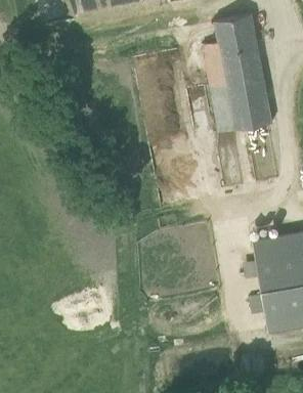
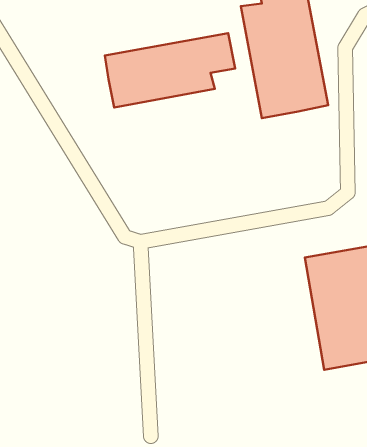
building: none -> [105,33,235,108]

